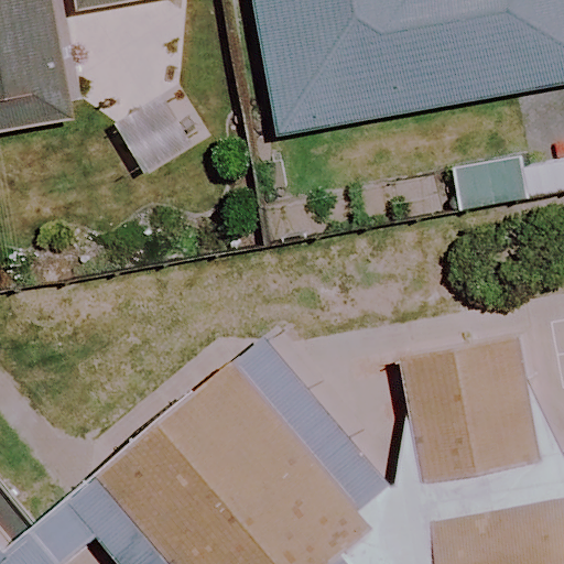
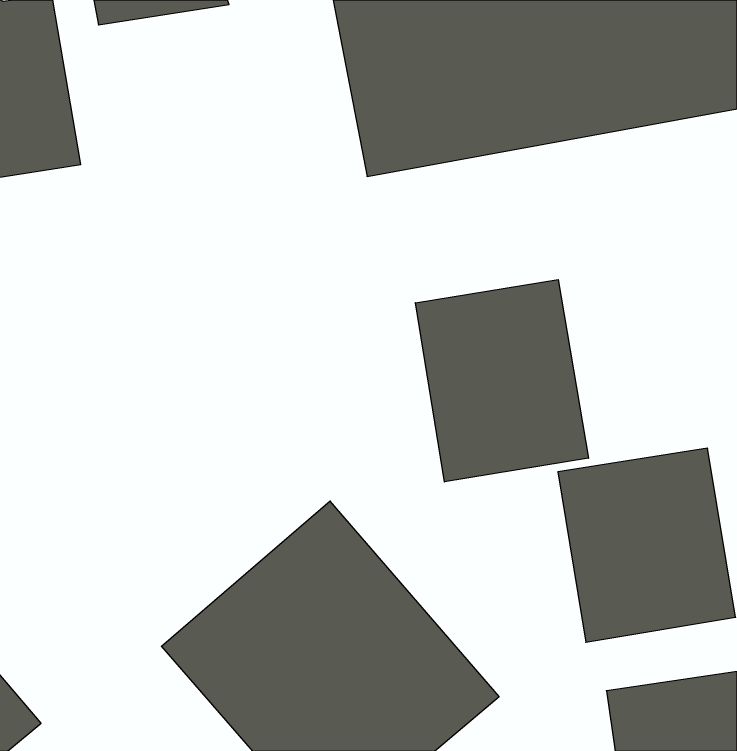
building: none -> [415,280,588,482]

